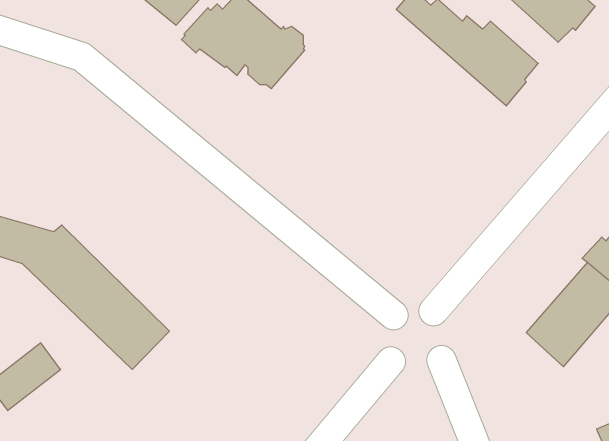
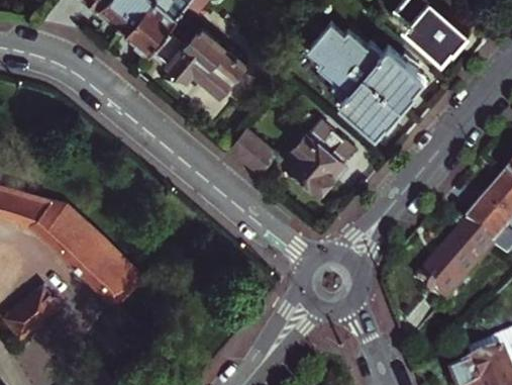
building: none -> [303,35,400,136]
building: none -> [285,124,353,193]
building: none -> [222,130,271,177]

